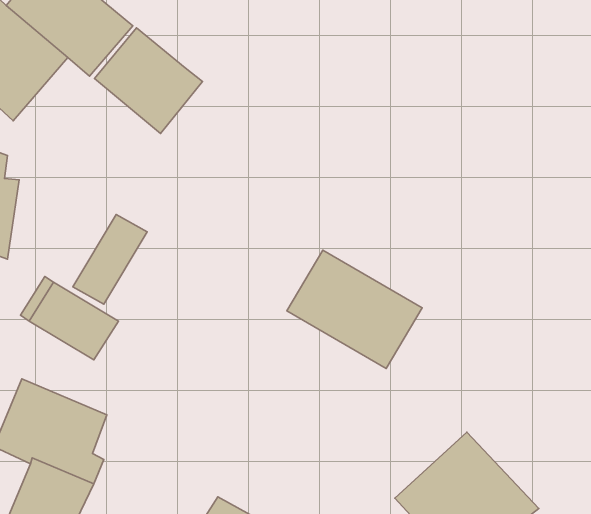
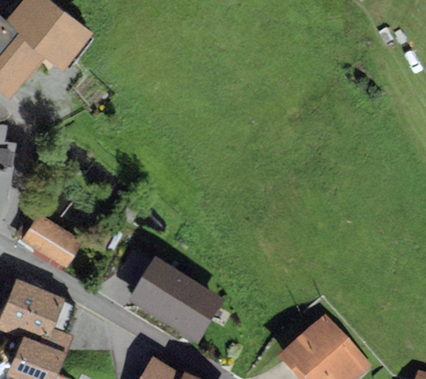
building: [94,28,202,133] -> none
building: [73,214,147,304] -> none
building: [287,250,422,368] -> [131,266,225,348]

